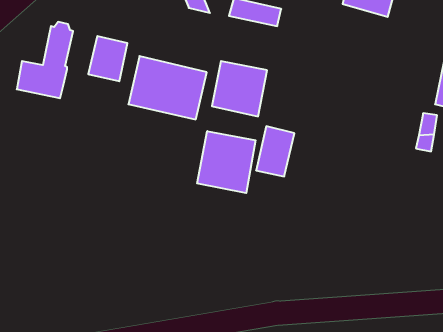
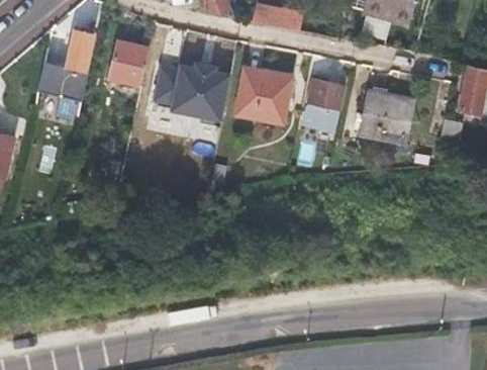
building: none -> [360,93,413,143]
building: [256,126,294,176] -> [304,79,343,129]
building: [197,131,256,193] -> none

